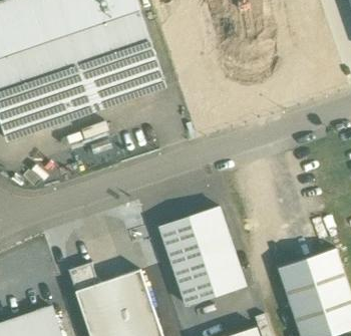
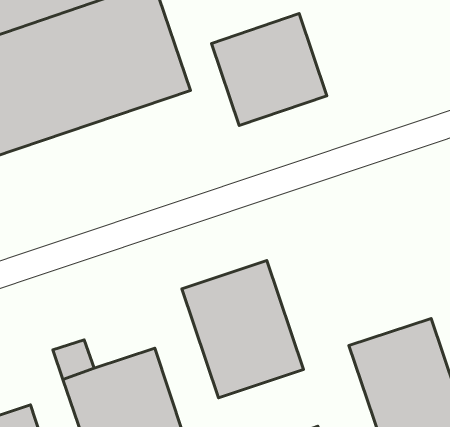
building: none -> [211,14,327,126]

